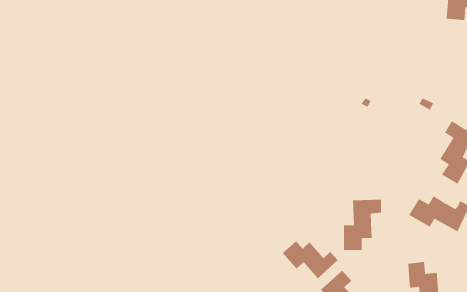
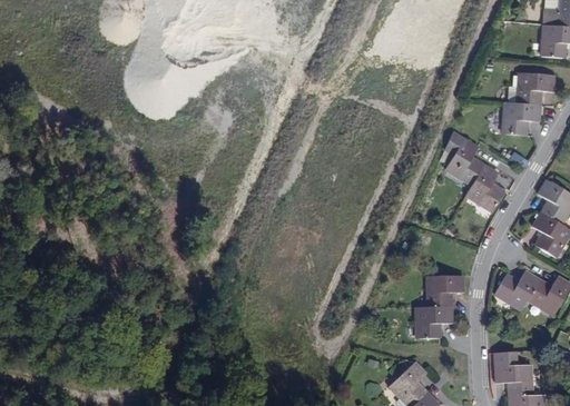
building: none -> [503,71,554,135]
building: none -> [445,132,504,210]
building: [282,240,339,279] -> none

